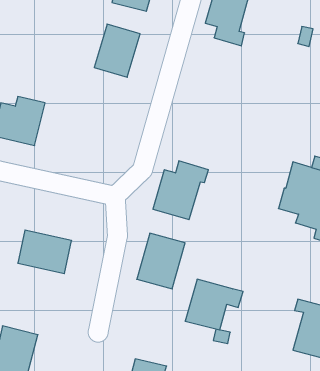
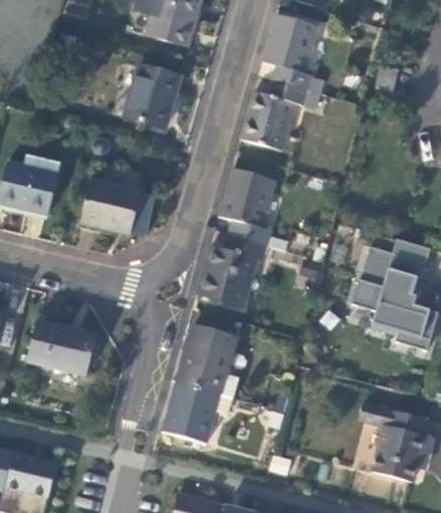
building: none -> [241,81,307,152]
building: none -> [81,166,145,235]
building: none -> [219,169,276,246]
building: [185,279,243,330] -> [162,382,234,446]

